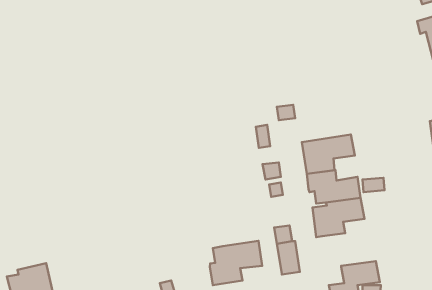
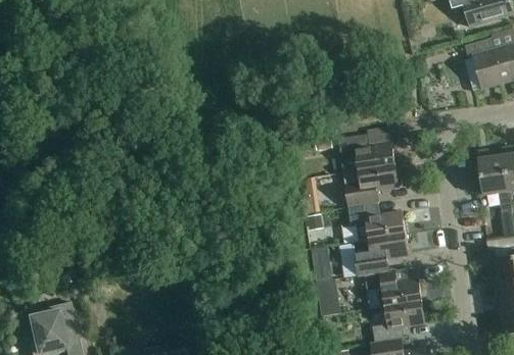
building: none -> [337,131,394,173]
building: none -> [364,269,421,308]
building: [210,241,262,285] -> none

